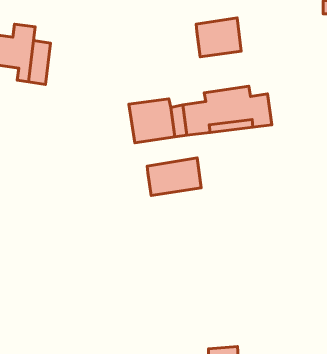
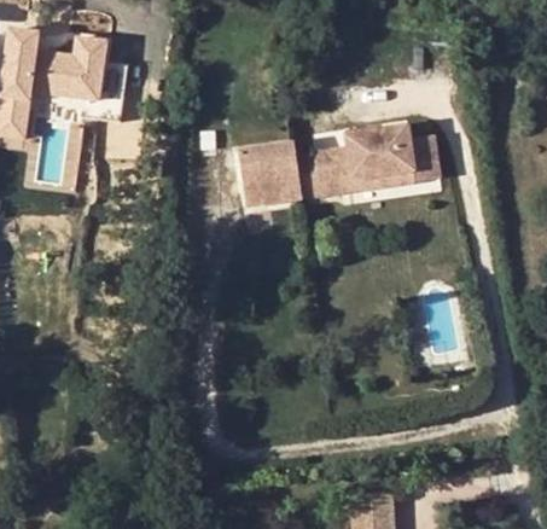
building: [196,18,241,57] -> none
building: [147,158,201,195] -> none

